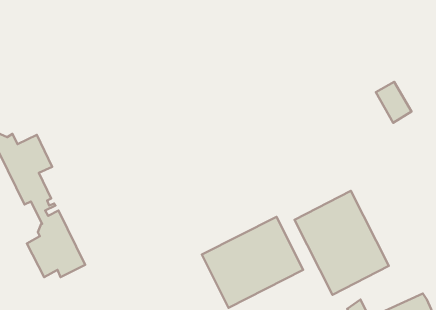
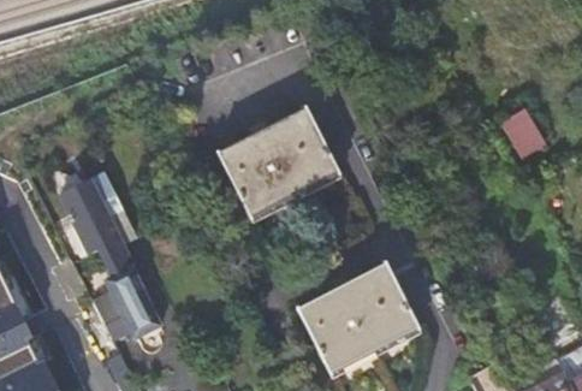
building: none -> [218,108,339,221]
building: [294,191,389,295] -> none

